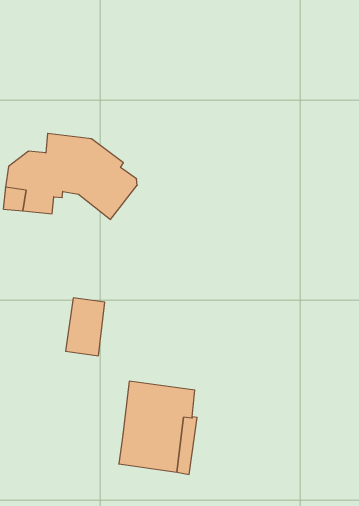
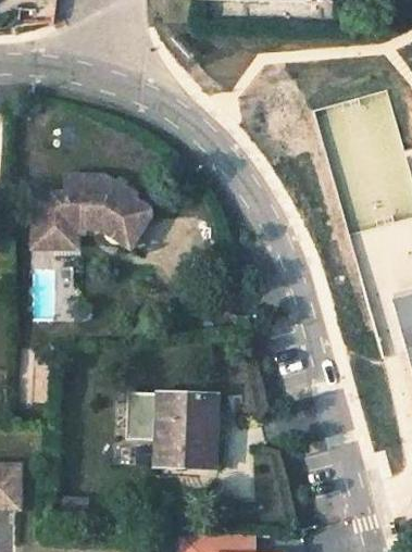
building: [66,298,105,356] -> [133,391,163,440]

